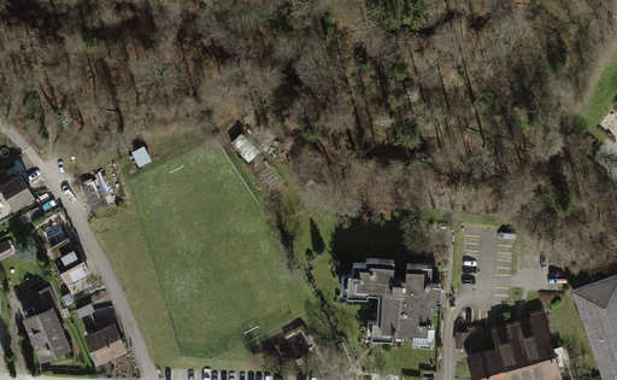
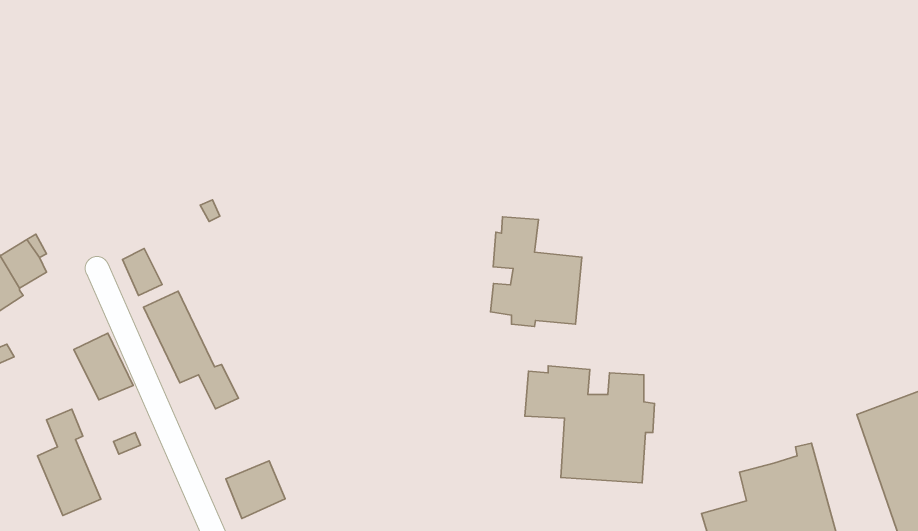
building: none -> [490,217,582,327]
building: none -> [143,291,239,409]
building: [86,325,125,363] -> [226,461,285,519]

